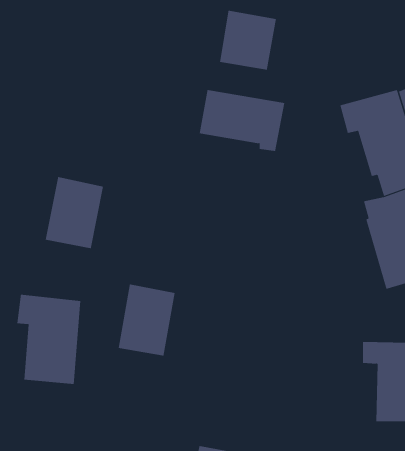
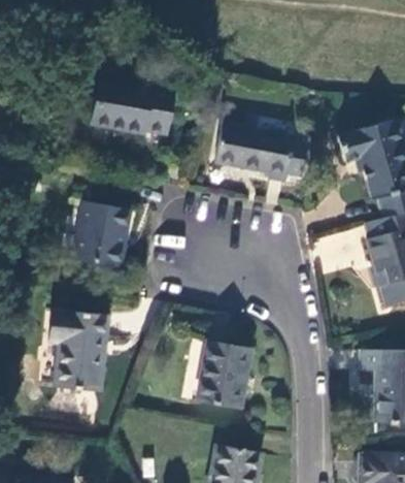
building: [220,10,277,71] -> none
building: none -> [91,82,171,136]
building: [118,284,175,356] -> [197,343,249,409]

